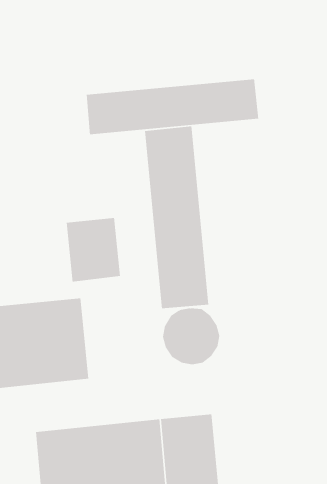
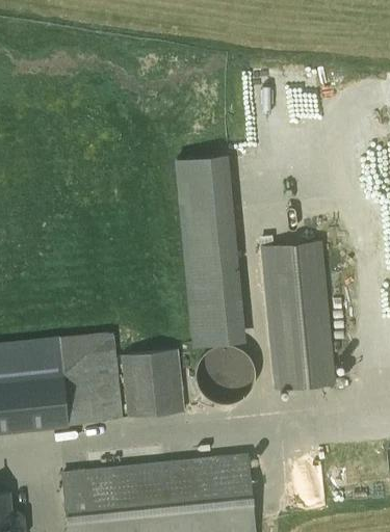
building: [86,78,259,135] -> none
building: none -> [268,241,333,388]
building: [66,217,121,282] -> [124,349,181,417]

